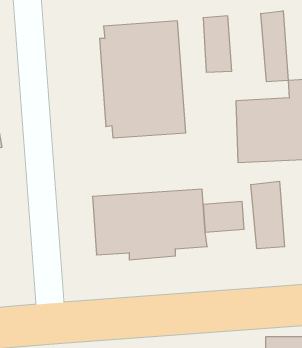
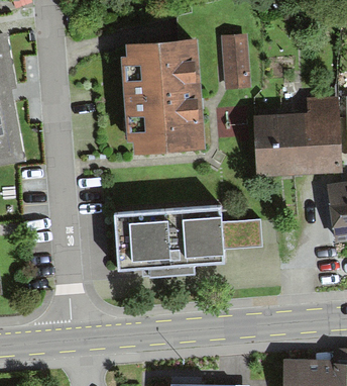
building: [261,11,288,82] -> none
building: [251,181,285,249] -> none

